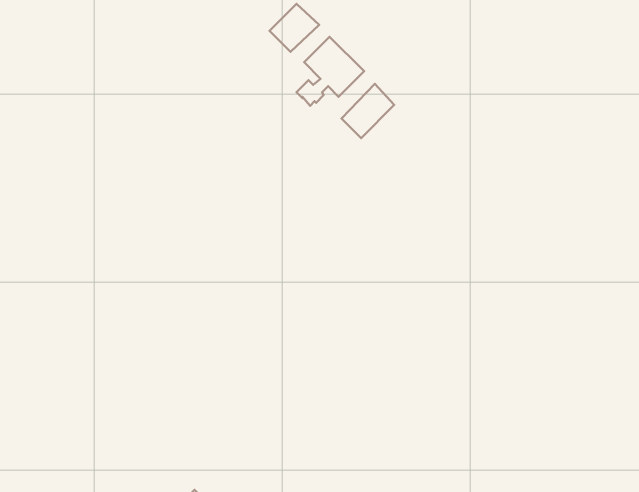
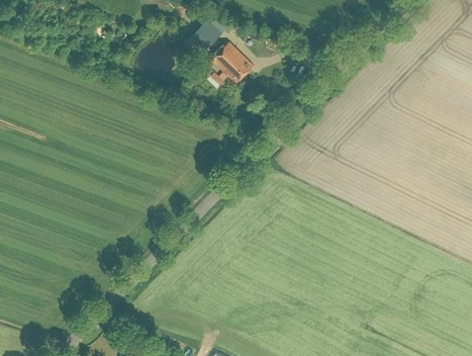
building: [341,84,394,138] -> none

